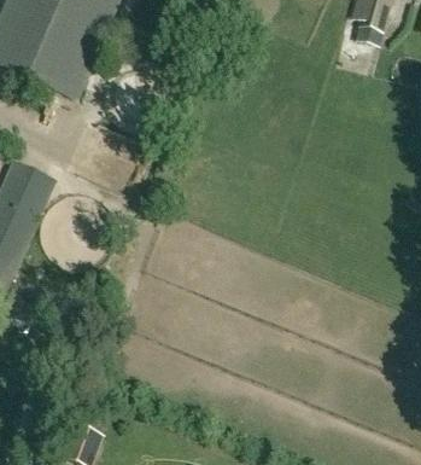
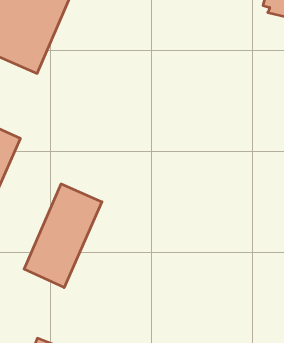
building: none -> [24,184,102,288]

